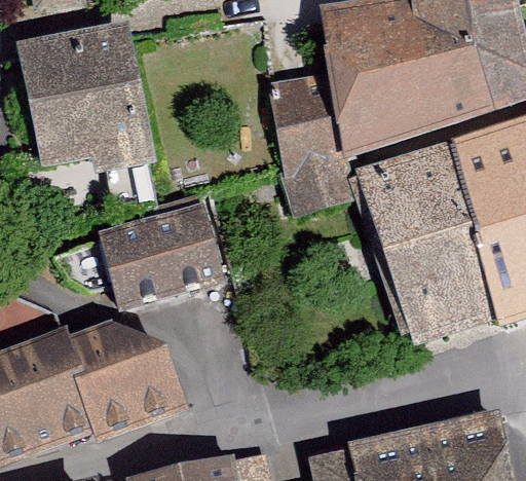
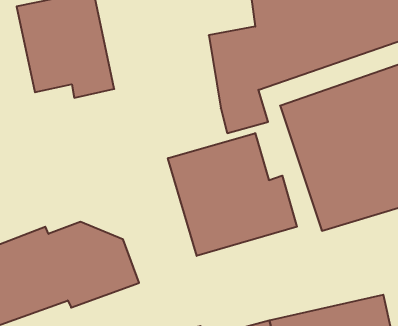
building: [105,209,220,303] -> none
building: none -> [168,133,297,256]

